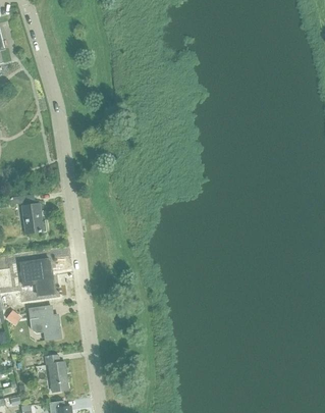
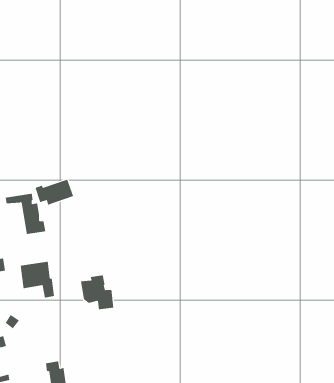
building: none -> [35,179,74,206]
building: [28,306,60,340] -> [80,275,114,310]

